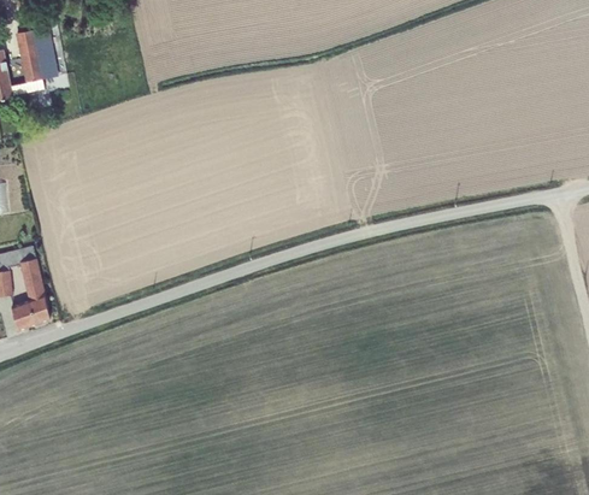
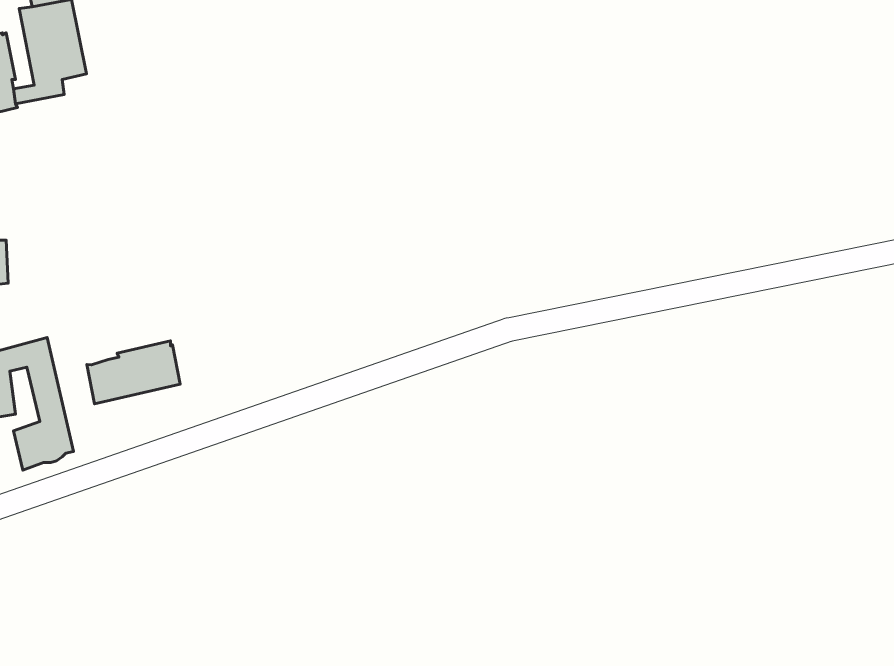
building: none -> [87,341,180,404]

